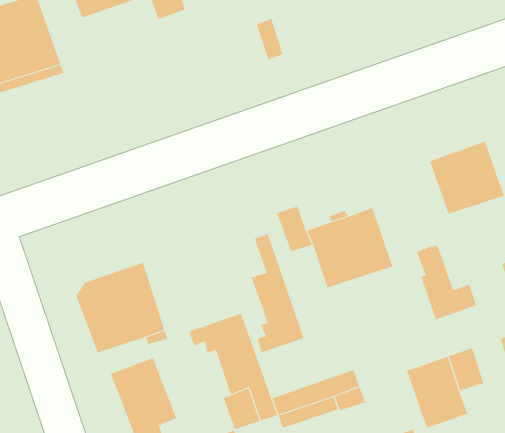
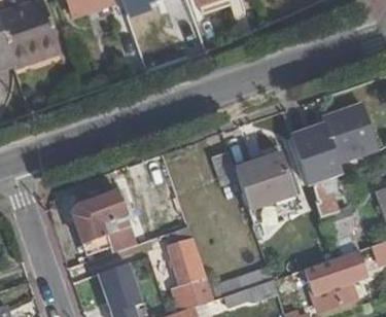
building: none -> [289,118,340,179]
building: [251,234,304,353] -> none

